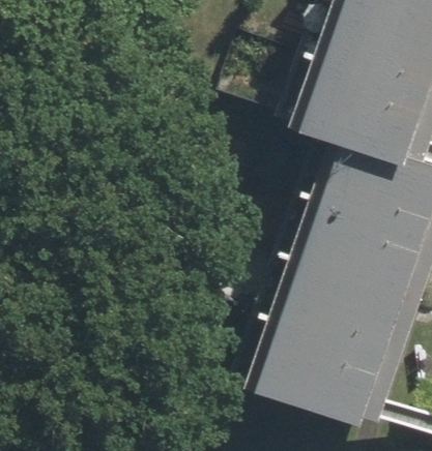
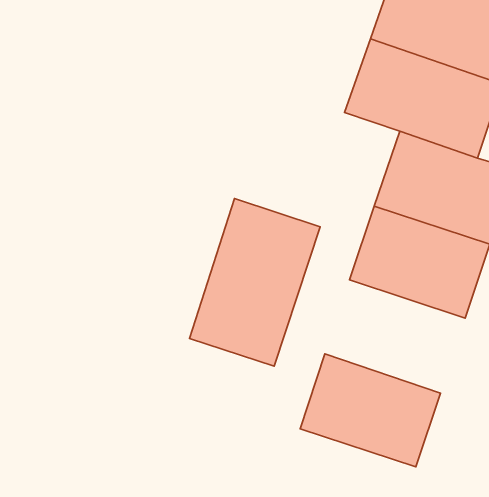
building: none -> [190,198,320,366]
building: [283,266,401,361] -> none

